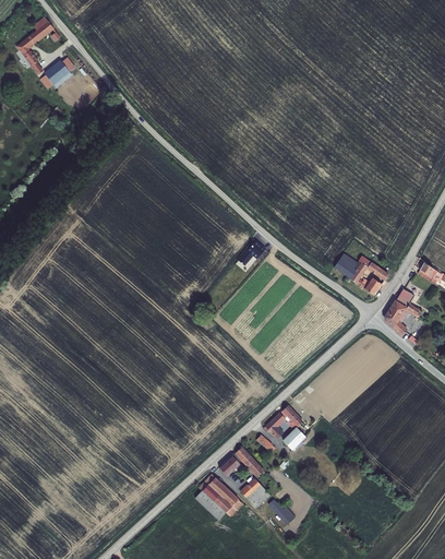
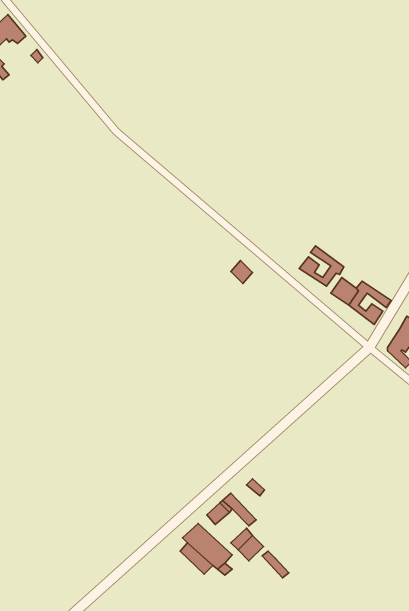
building: [41,58,69,86] -> none
building: none -> [299,246,344,286]
building: [264,406,308,453] -> none

